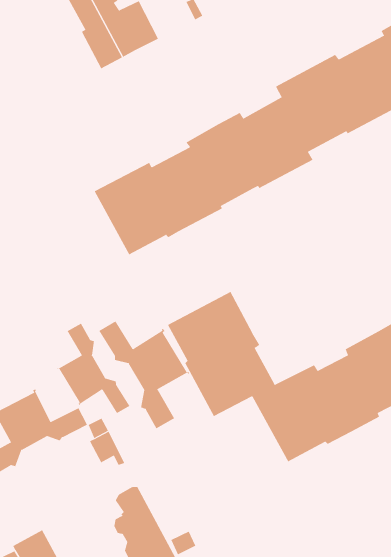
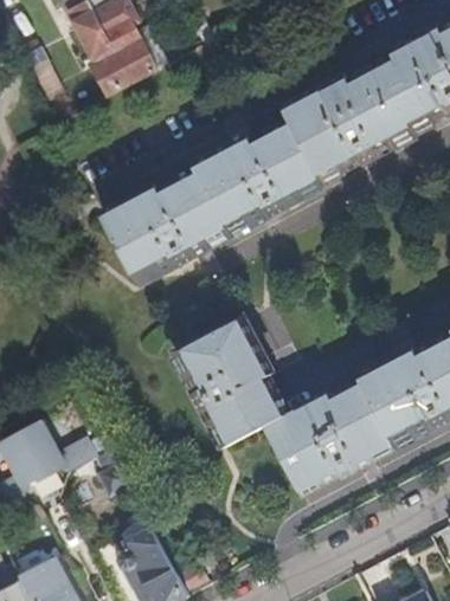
building: [98,320,190,429] -> none
building: [57,323,130,414] -> none

